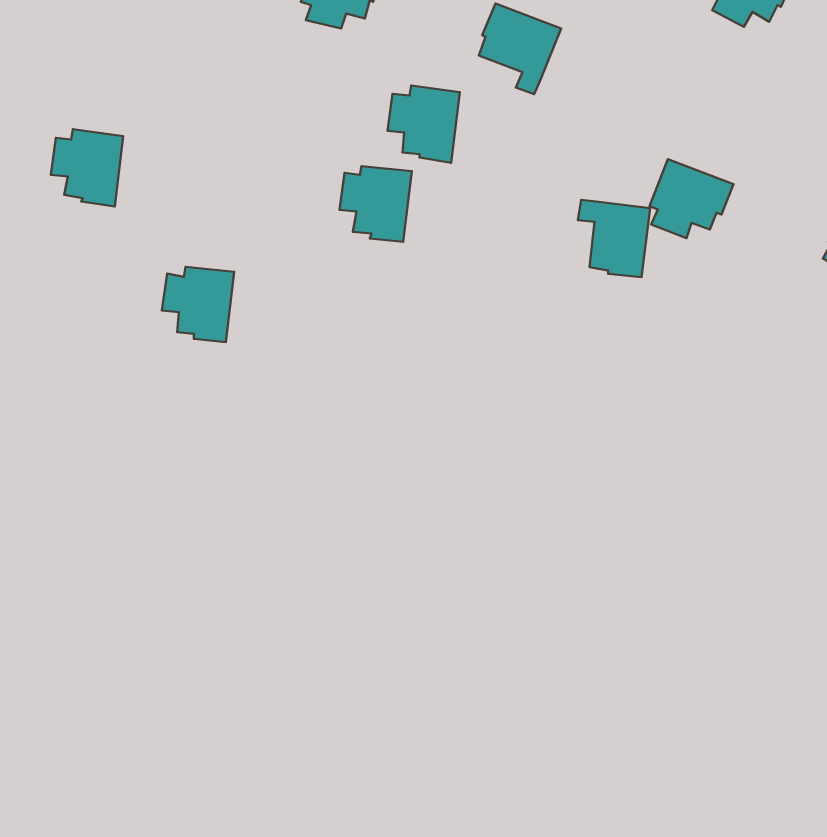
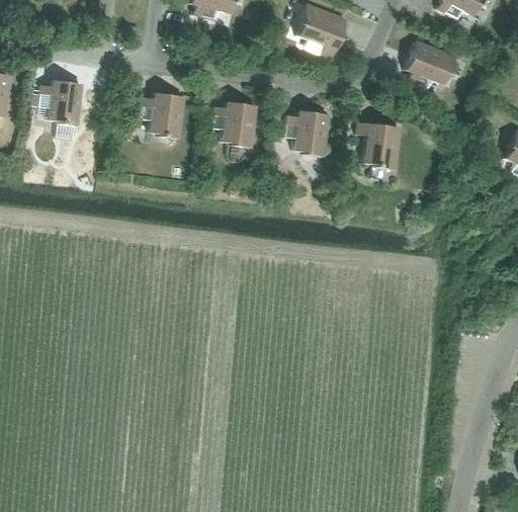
building: [388,85,460,163] -> [285,109,329,156]
building: [649,159,733,238] -> [406,40,456,88]
building: [162,267,234,342] -> [141,92,184,138]

